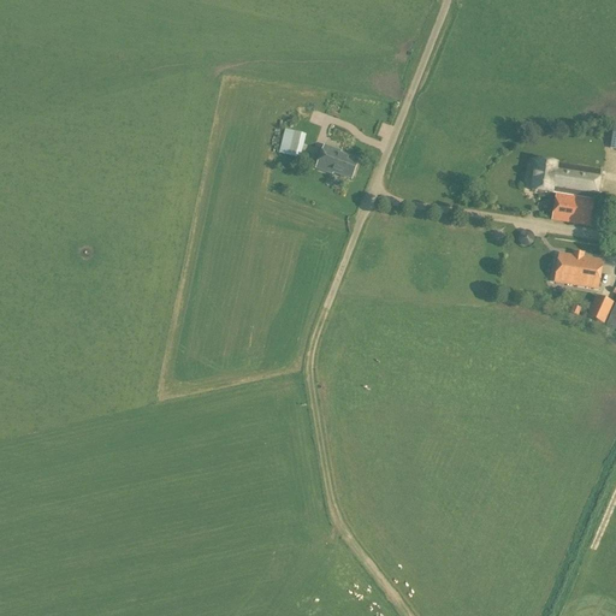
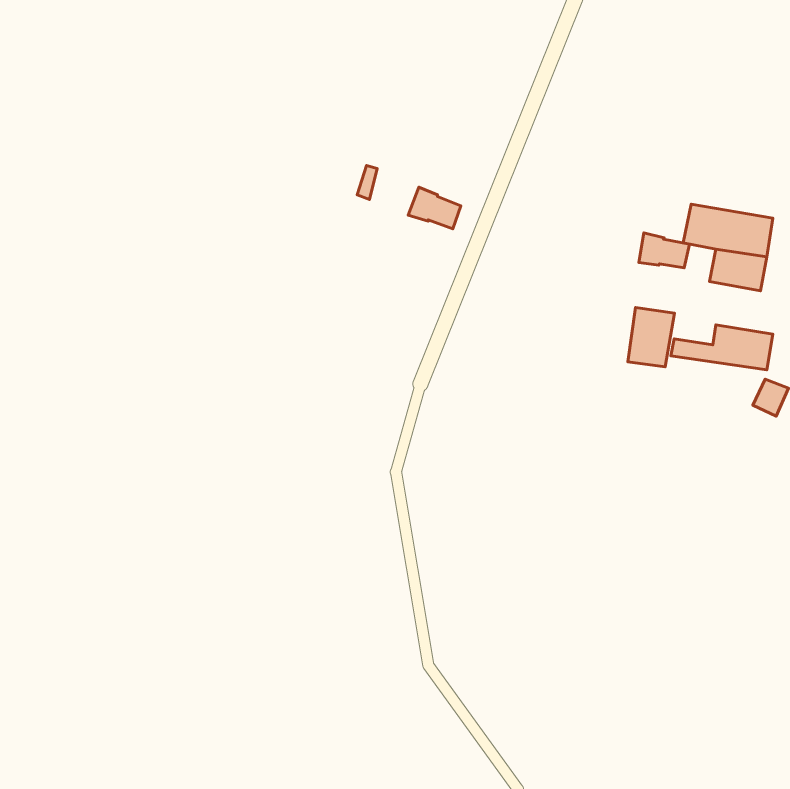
building: none -> [639,233,689,268]
building: none -> [628,308,675,367]

